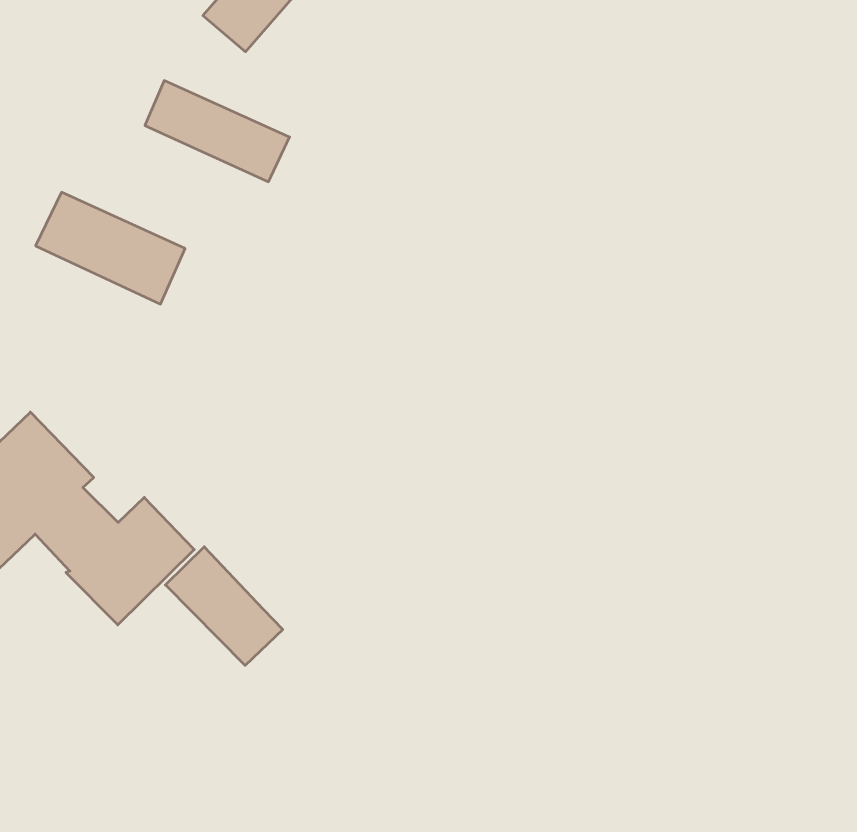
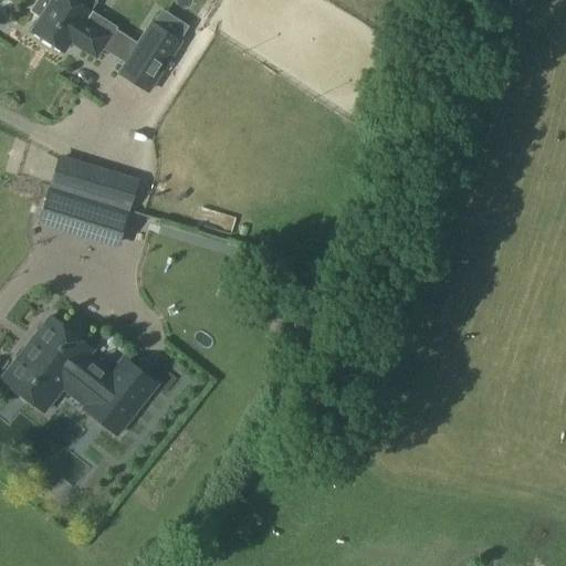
building: [145,81,290,182] -> [52,158,137,209]
building: [165,547,283,665] -> none

